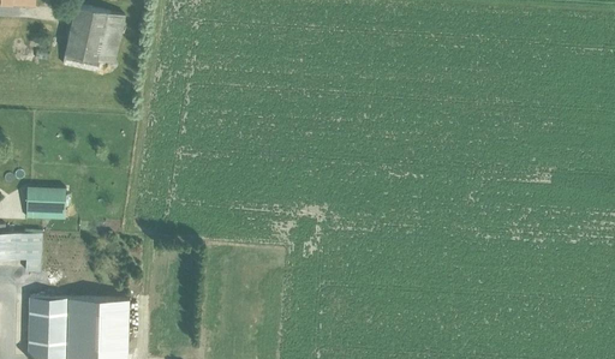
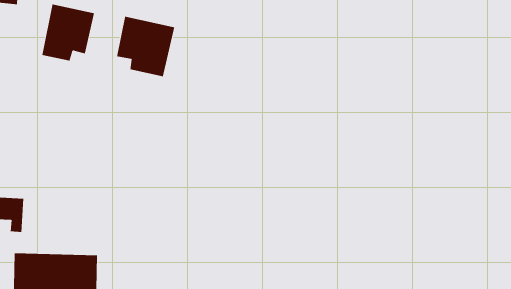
building: none -> [117,16,175,77]
building: [25,189,72,221] -> none

